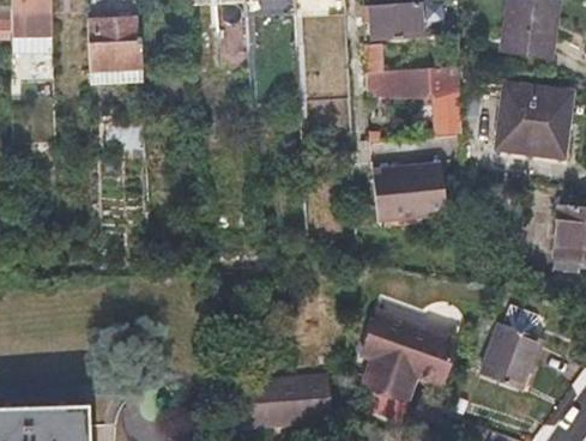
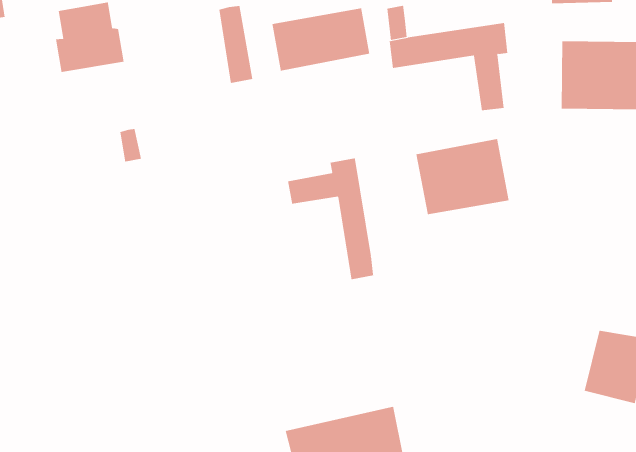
building: none -> [272,7,370,71]
building: none -> [287,157,374,280]
building: [366,314,459,398] -> none

